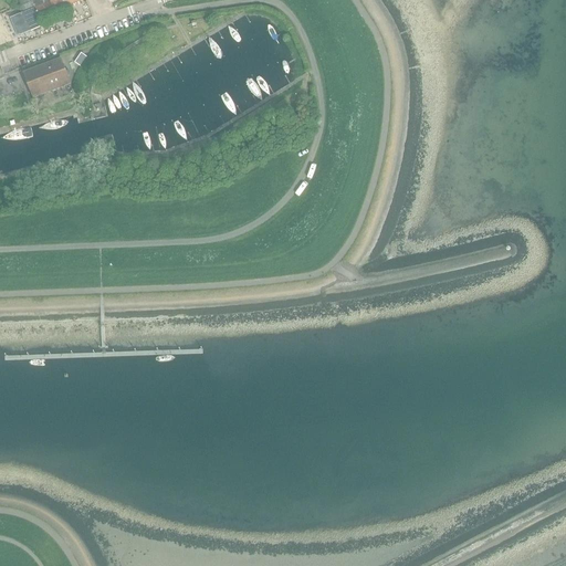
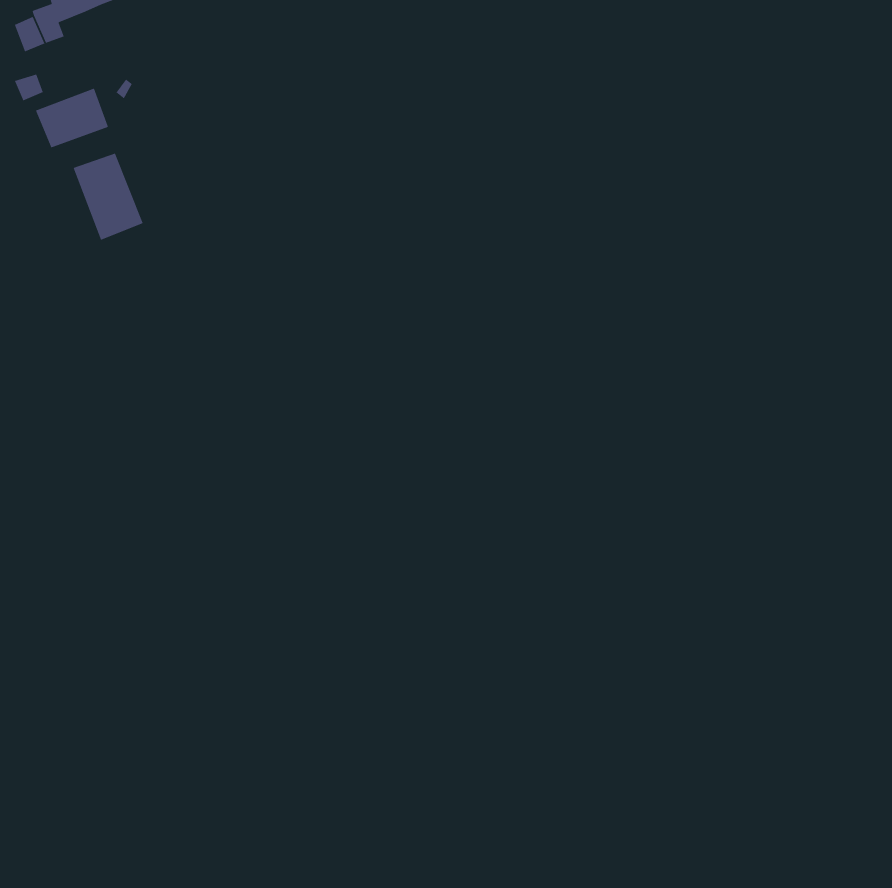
building: none -> [73,152,144,241]

